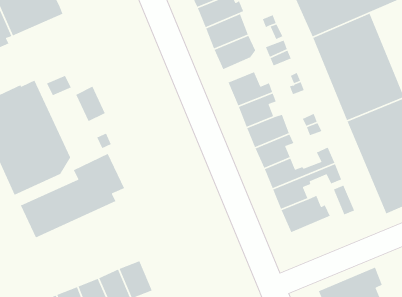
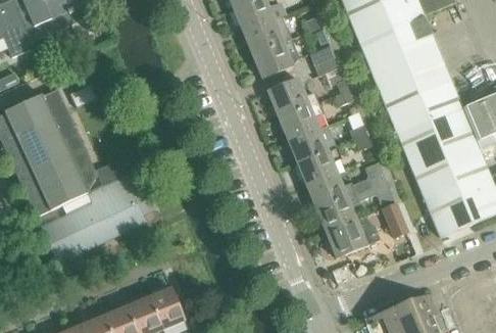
building: [75,86,106,122] -> none

